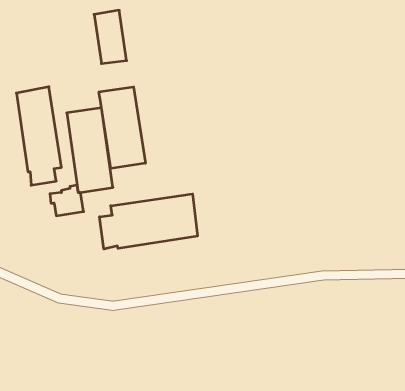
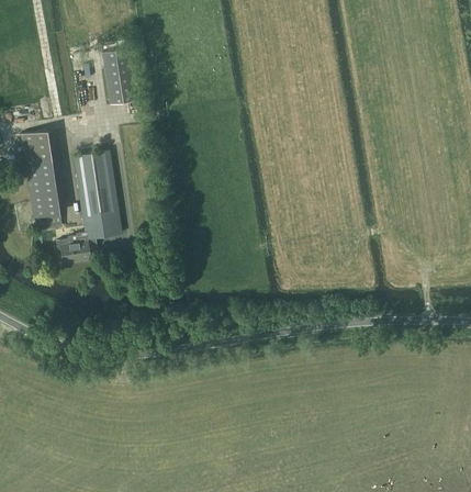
building: [99,87,145,168] -> none
building: [100,194,197,249] -> none

